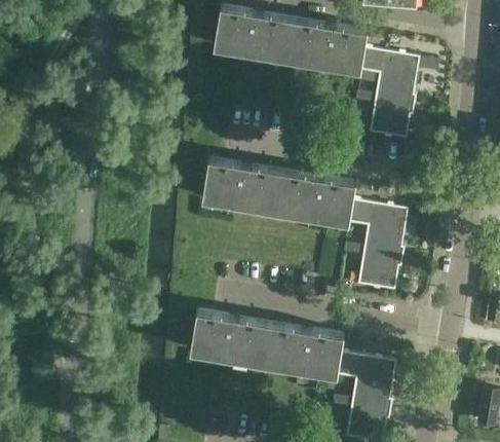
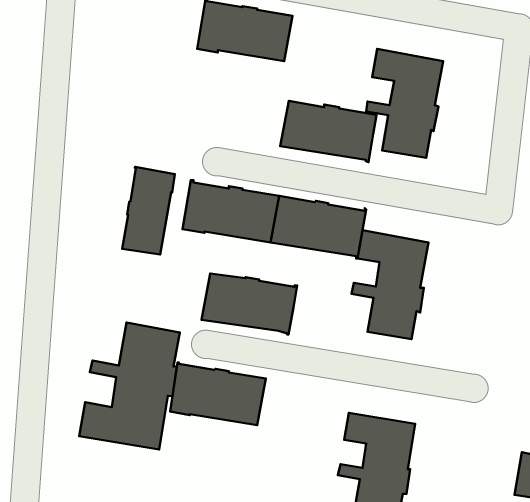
building: [285,23,367,74] -> [280,101,377,162]
building: none -> [122,167,175,255]
building: none -> [79,323,180,450]
building: [263,327,343,378] -> [201,273,297,335]

